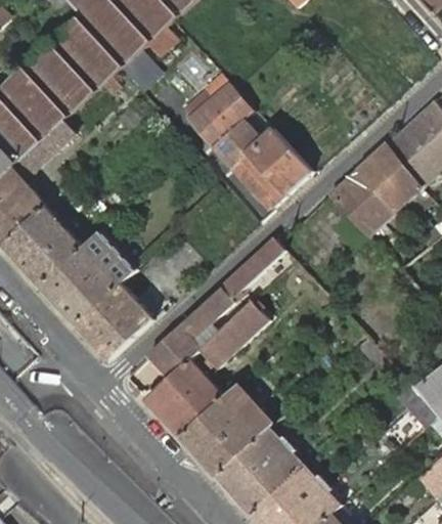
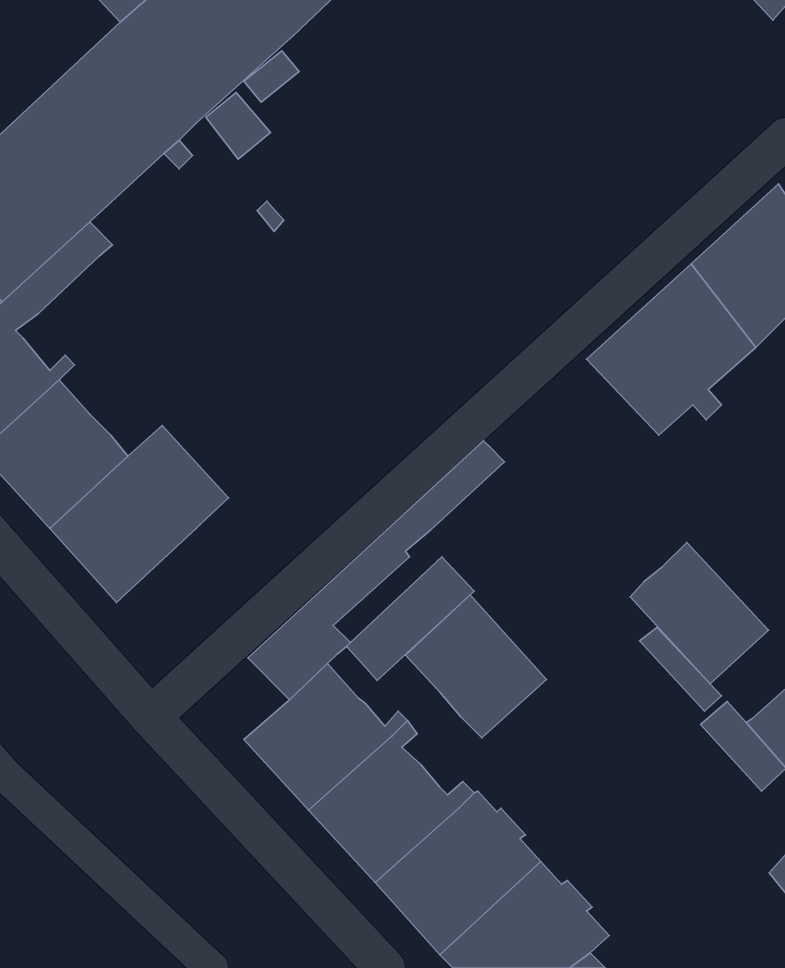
building: [183,83,311,208] -> none
building: [77,283,154,360] -> none
building: none -> [630,543,769,684]
building: none -> [405,595,547,738]

